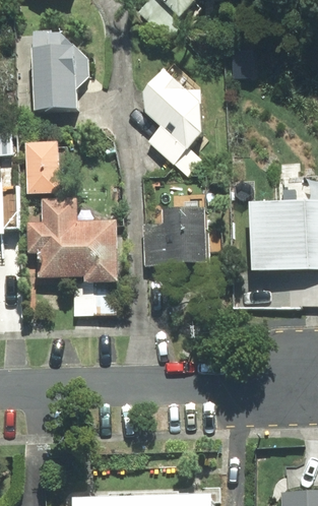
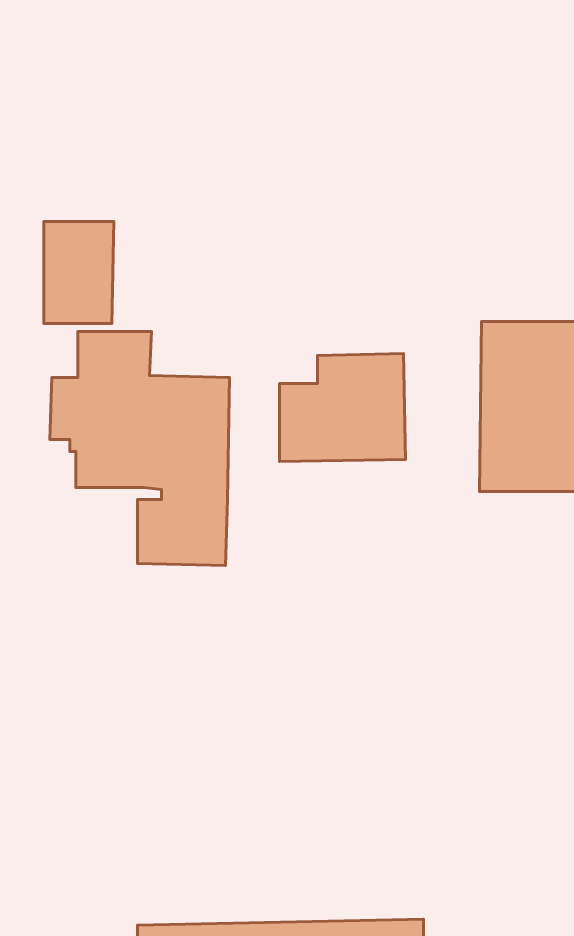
building: [31,44,84,109] -> none
building: [144,66,202,164] -> none

